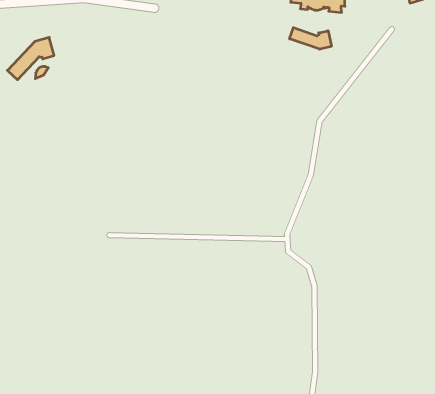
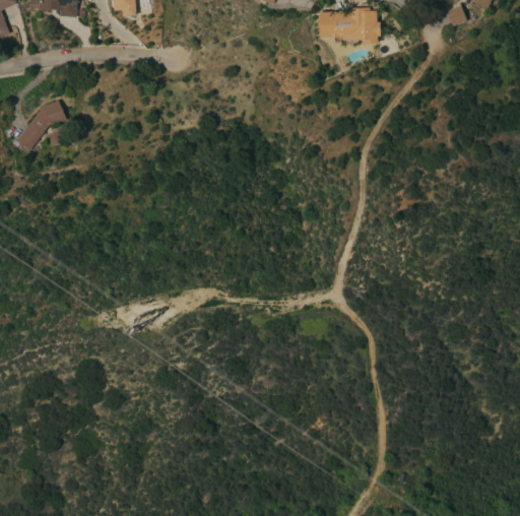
building: [290,28,331,49] -> none

